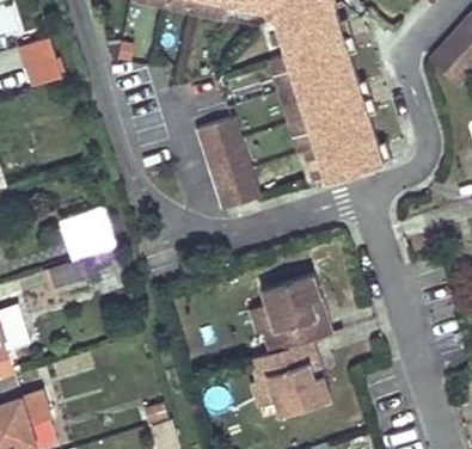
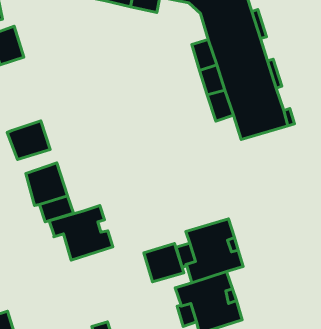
building: [197,118,258,210] -> none
building: none -> [7,121,50,160]
building: none -> [49,206,113,260]
building: none -> [144,243,184,282]

